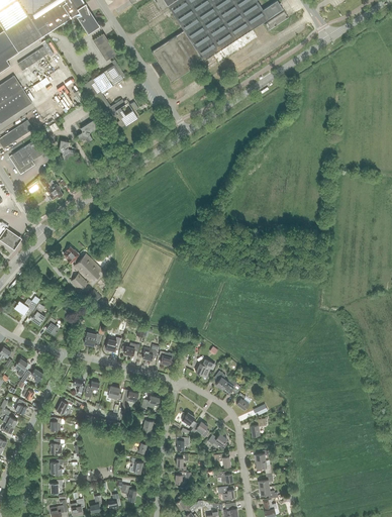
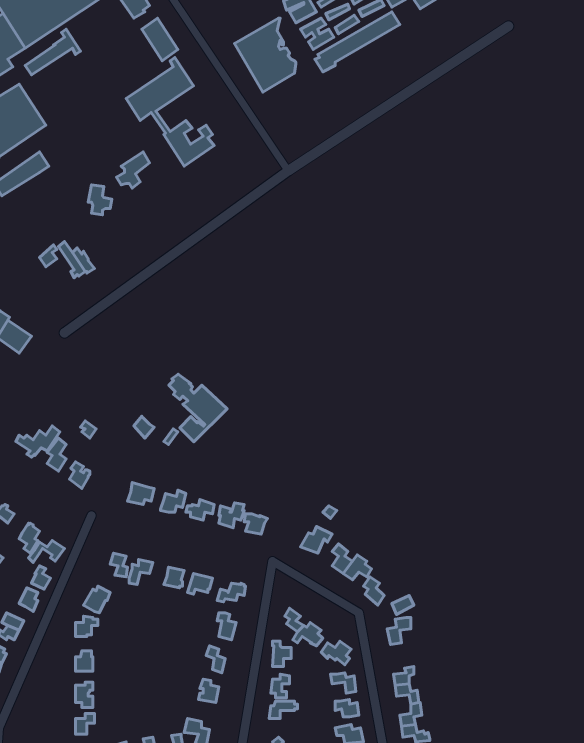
building: [8,138,45,174] -> none
building: [63,246,100,290] -> [169,374,227,442]

